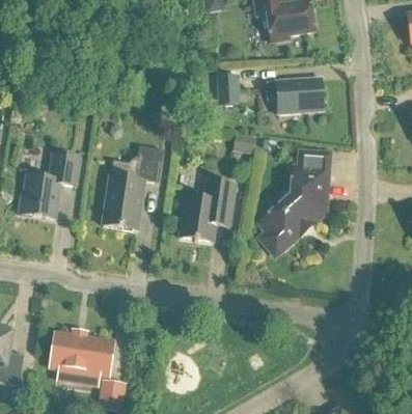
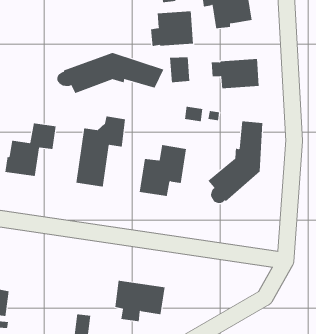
building: none -> [151,10,194,47]
building: none -> [57,52,164,94]
building: [51,333,112,383] -> [114,280,166,322]

